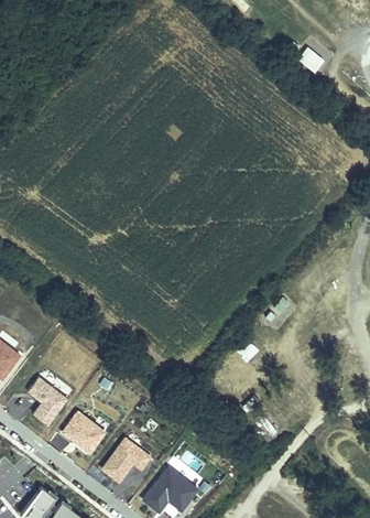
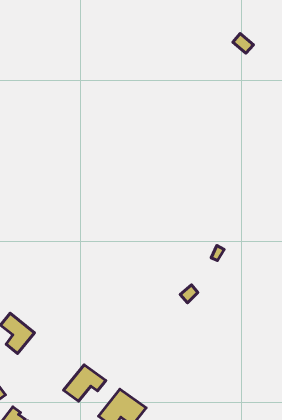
building: [63,412,105,453] -> none

